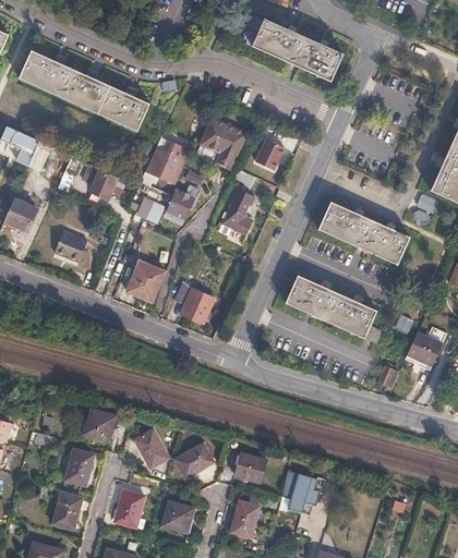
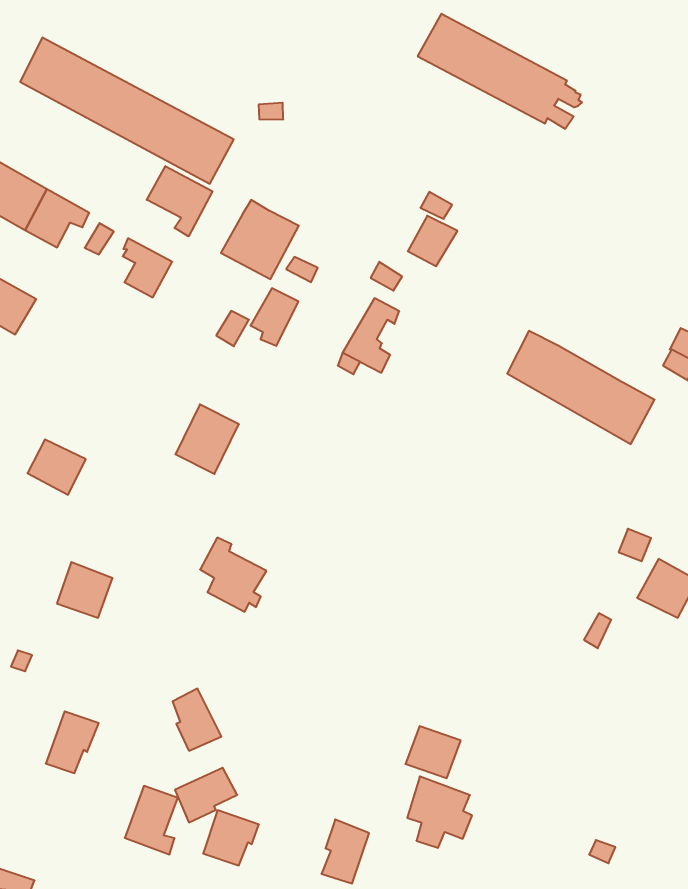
building: [202,119,245,169] -> none
building: none -> [147,166,212,236]
building: [52,229,86,260] -> [27,439,86,495]
building: [285,275,379,342] -> none
building: [174,281,214,324] -> [200,538,266,612]
building: [84,409,116,440] -> [57,562,113,618]
building: [176,444,213,477] -> [175,768,237,822]
building: [234,453,266,483] -> [405,726,461,778]
building: [53,493,80,530] -> none

